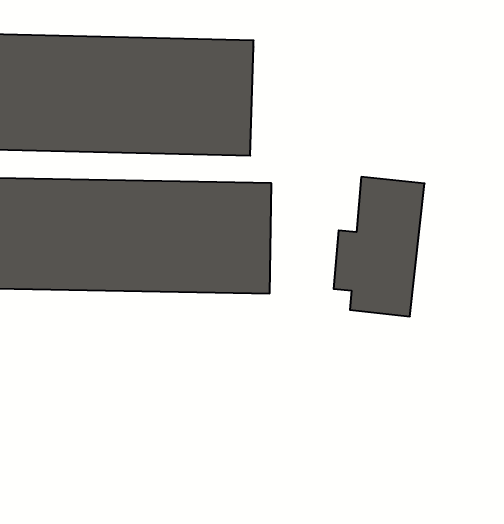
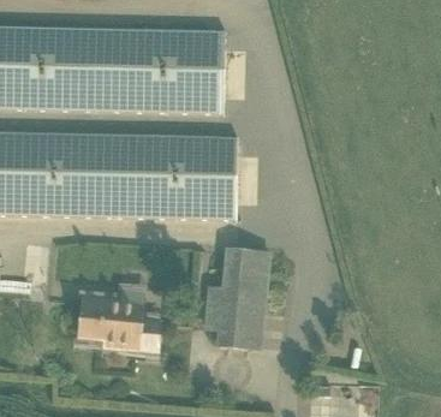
building: [334,177,425,316] -> [203,246,270,350]
building: none -> [78,291,160,351]

